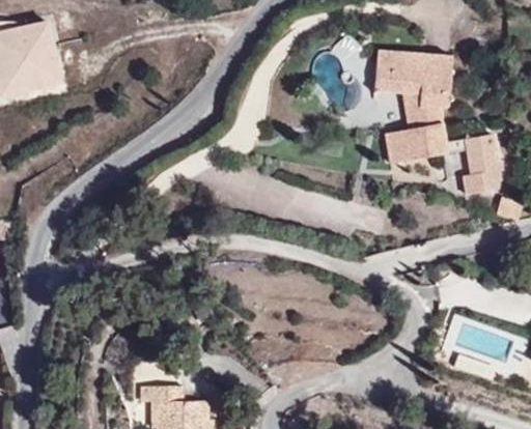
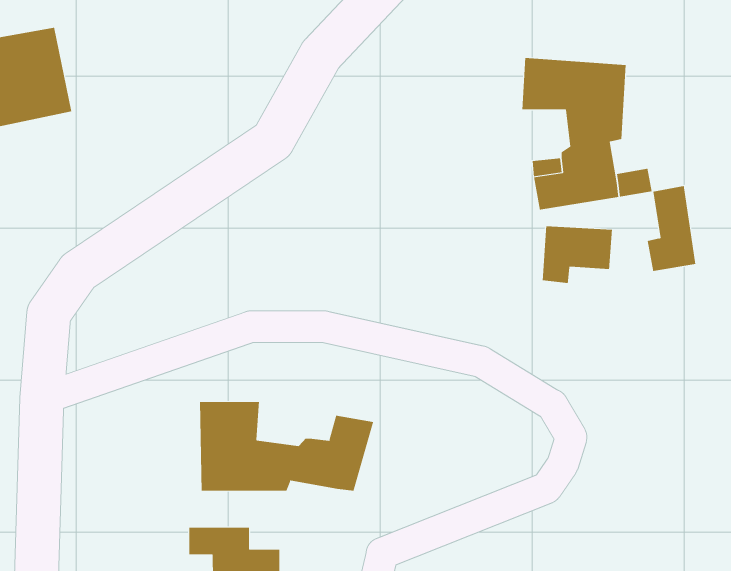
building: none -> [542,226,613,284]
building: none -> [199,401,374,491]

